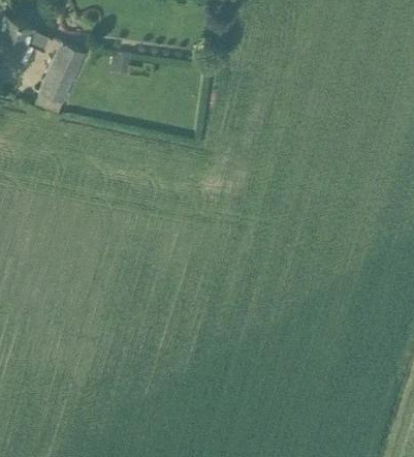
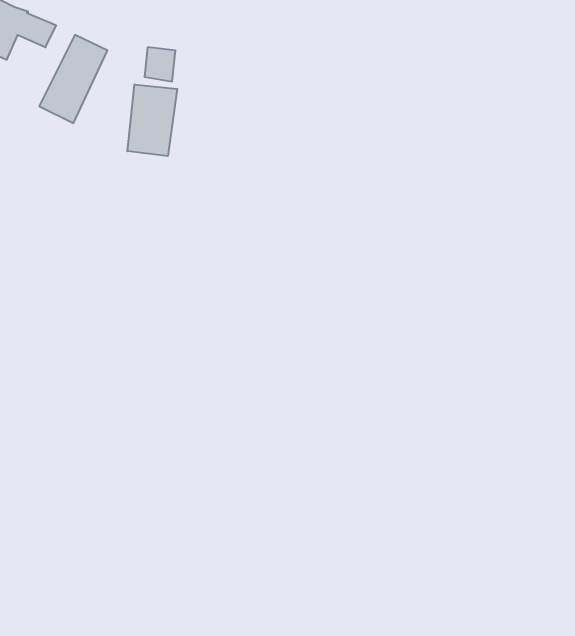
building: none -> [127,84,177,156]

